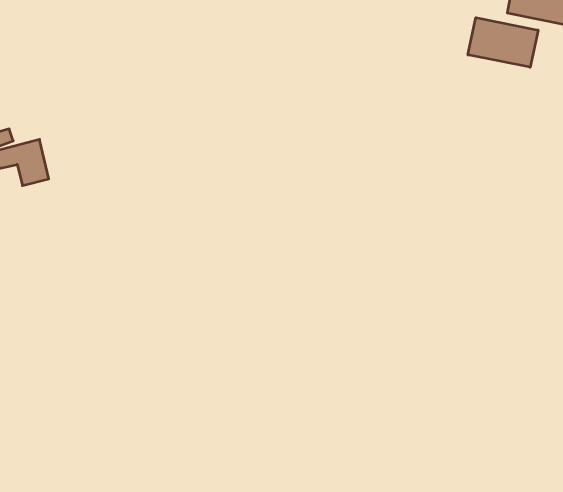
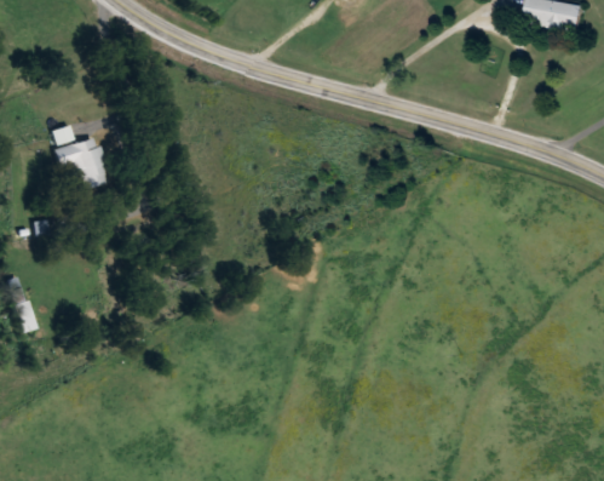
building: [468,18,538,67] -> none

